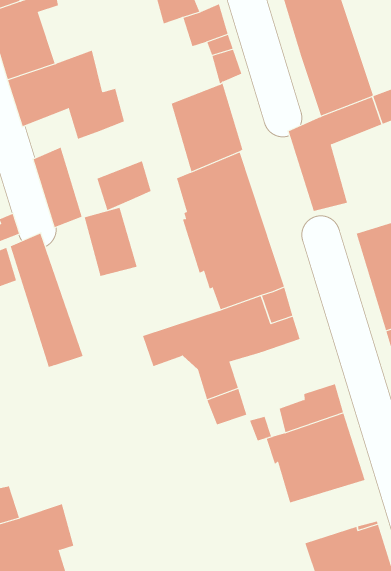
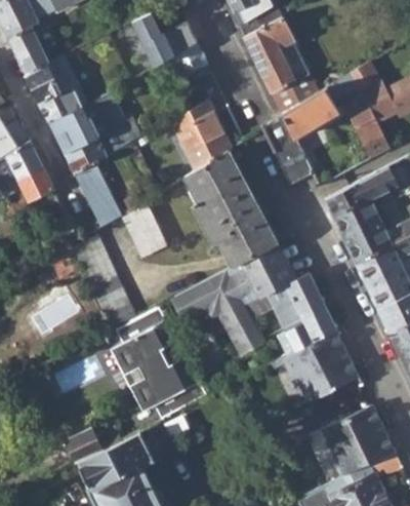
building: [96,160,152,211] -> [66,138,108,179]
building: none -> [266,275,325,330]
building: none -> [110,307,206,418]

